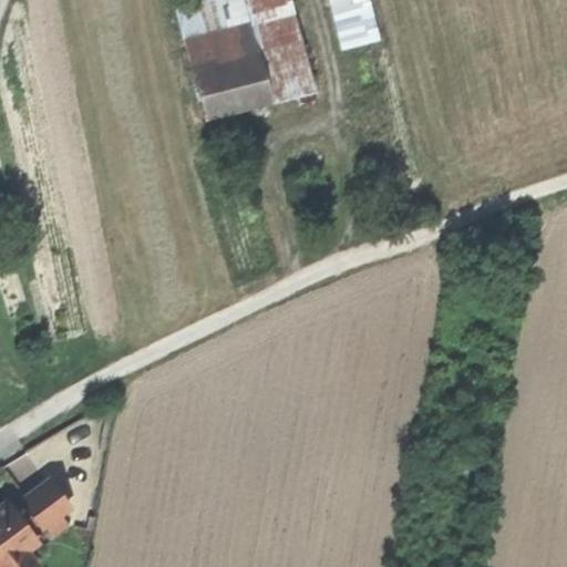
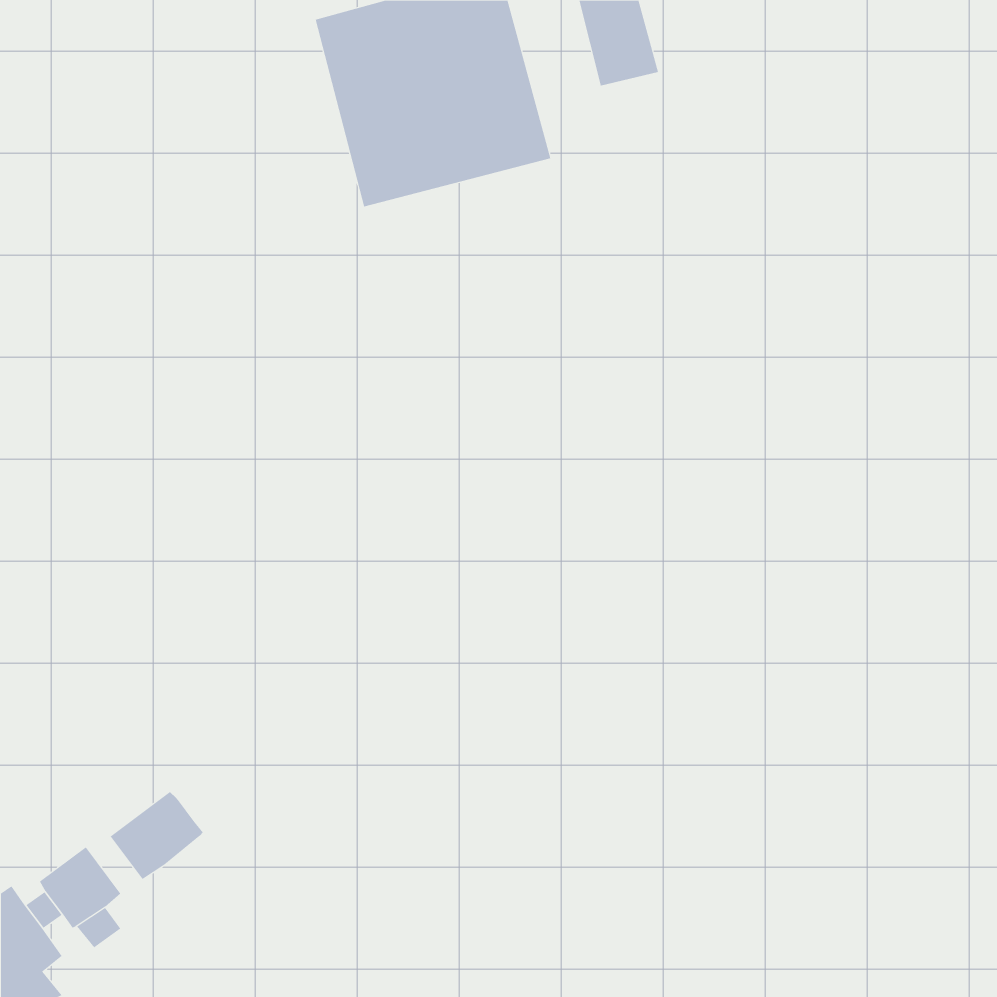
building: none -> [110,791,204,880]

